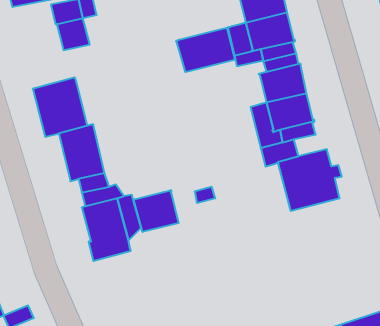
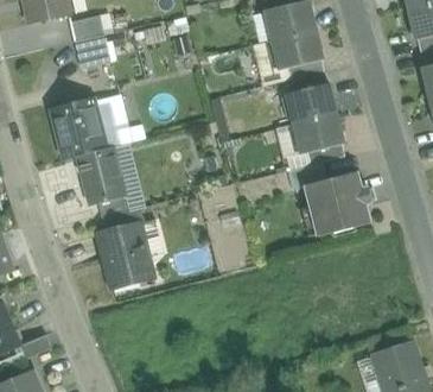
building: [176,27,235,72] -> none
building: none -> [96,94,132,148]
building: [133,190,179,232] -> none

